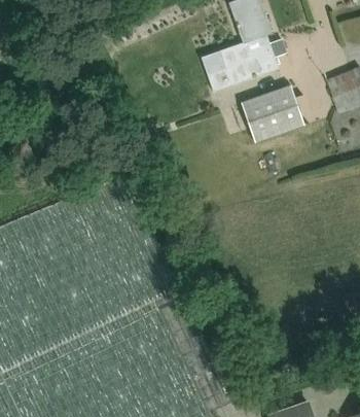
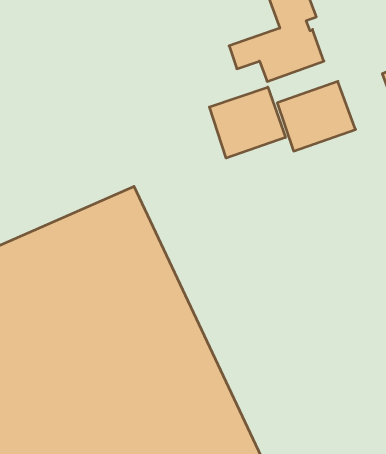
building: none -> [209,87,285,158]

